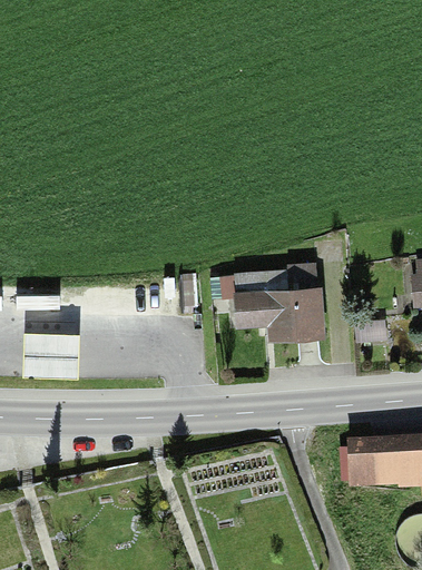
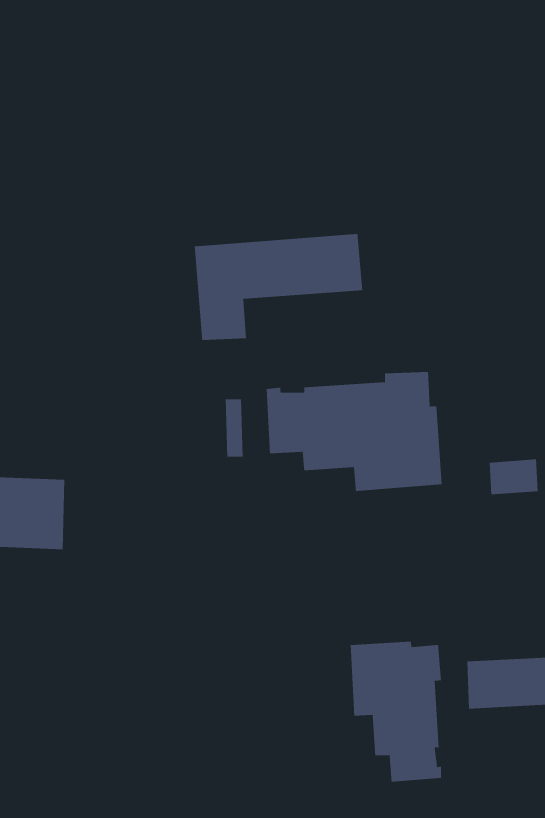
building: none -> [194,233,363,341]
building: none -> [350,641,442,782]

